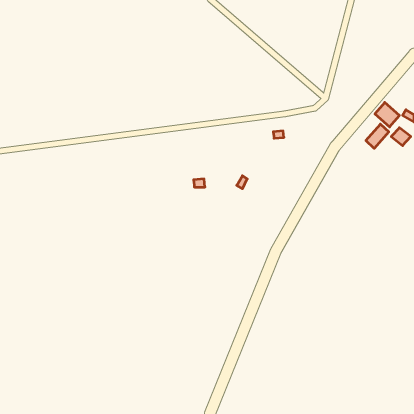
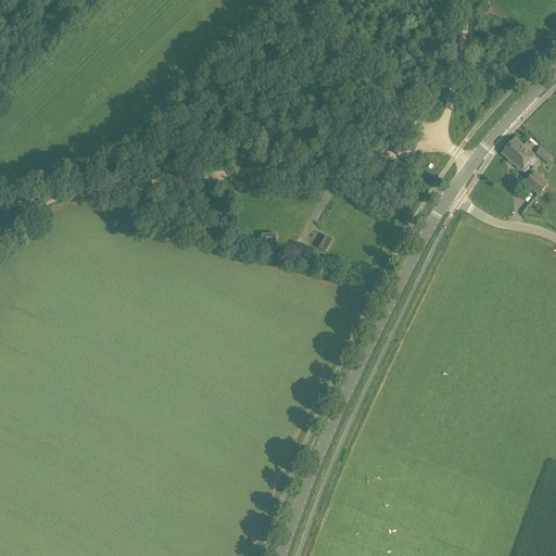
building: [366,124,389,148] -> none

